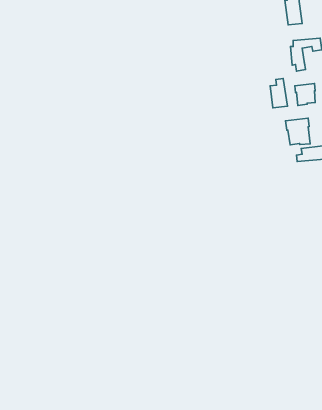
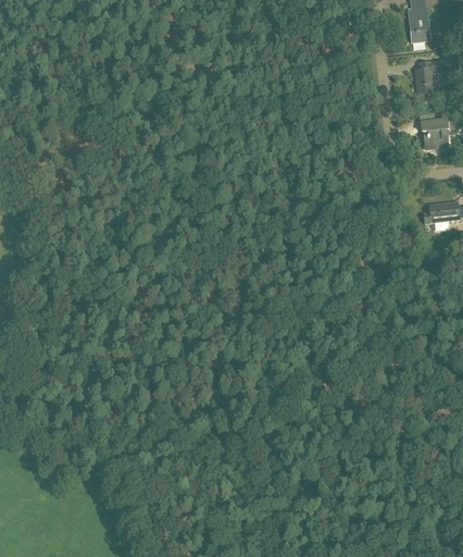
building: [270,79,287,108] -> none
building: [286,118,310,145] -> none

